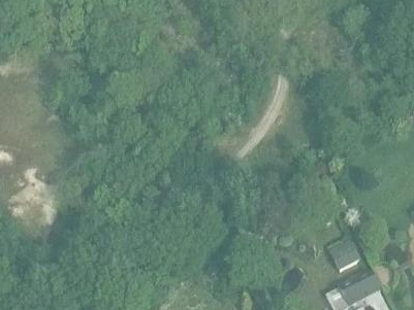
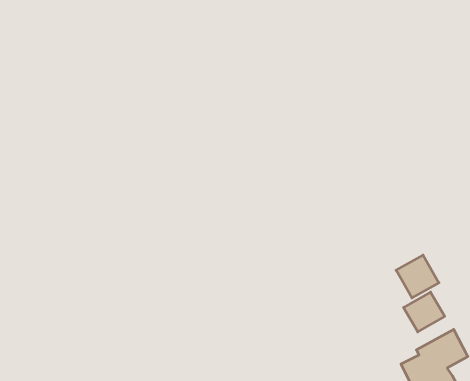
building: none -> [396,255,439,298]

